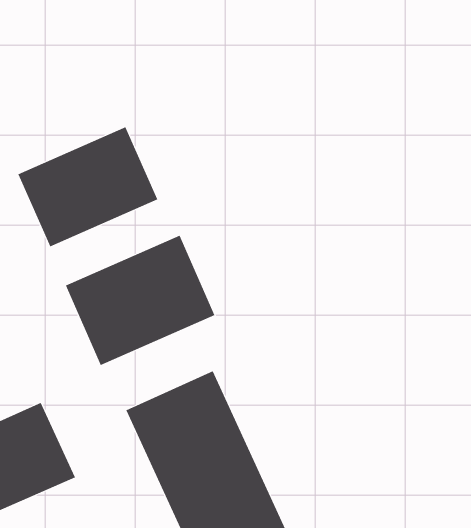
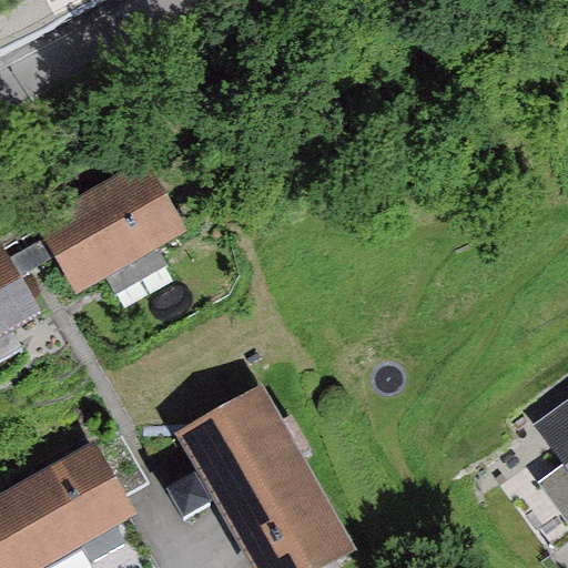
building: [65,235,215,366] -> none

